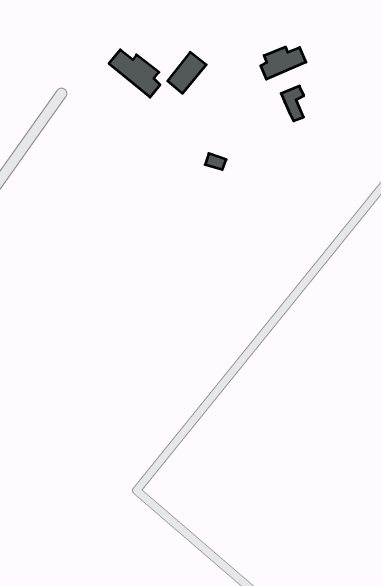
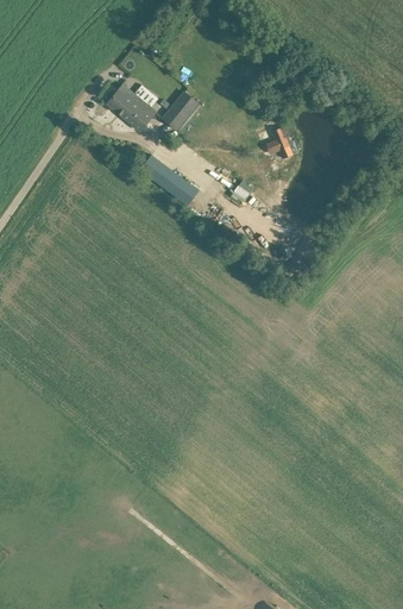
building: [261,47,306,79] -> none
building: none -> [139,155,199,206]

